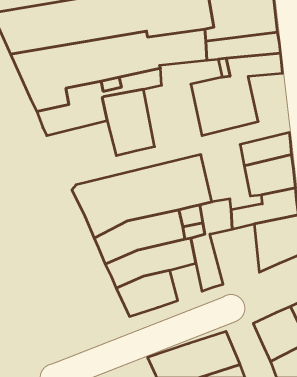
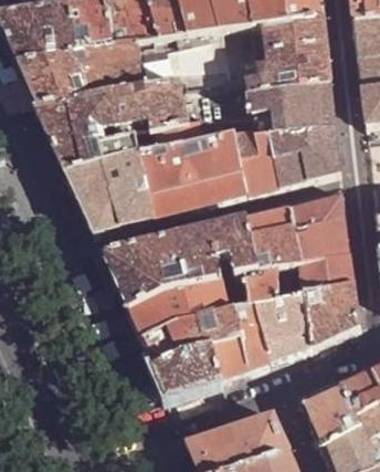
building: none -> [298,126,341,179]
building: none -> [183,134,247,207]
building: none -> [77,178,154,232]
building: none -> [246,204,302,268]
building: none -> [256,292,310,358]
building: none -> [212,335,247,376]

